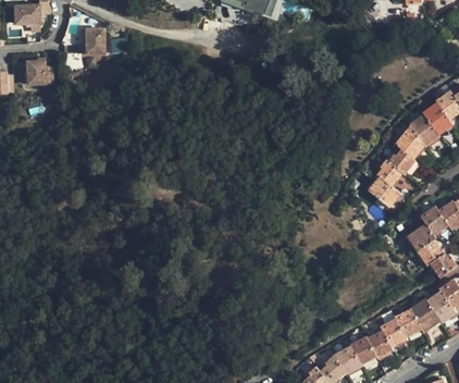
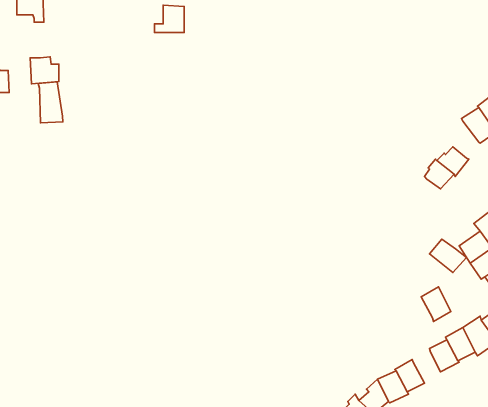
building: [80,36,107,60] -> [154,5,184,32]
building: none -> [38,82,63,123]
building: [395,125,424,158] -> none
building: [368,176,400,206] -> [430,239,467,272]
building: [367,329,393,359] -> [421,287,451,322]

